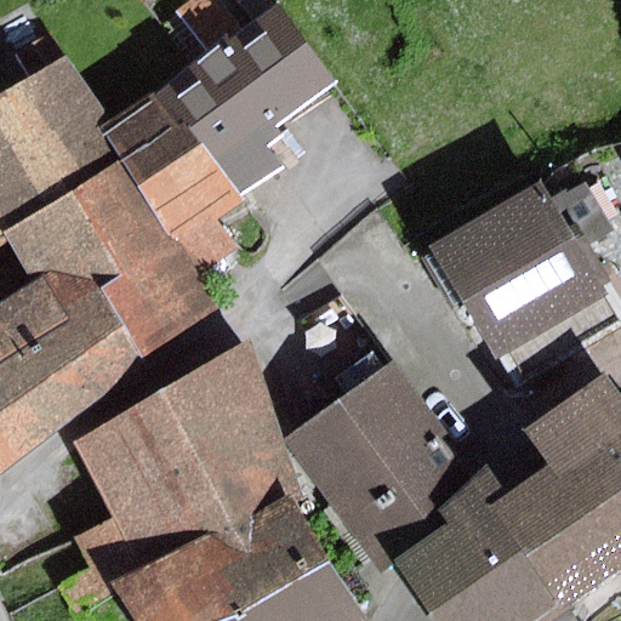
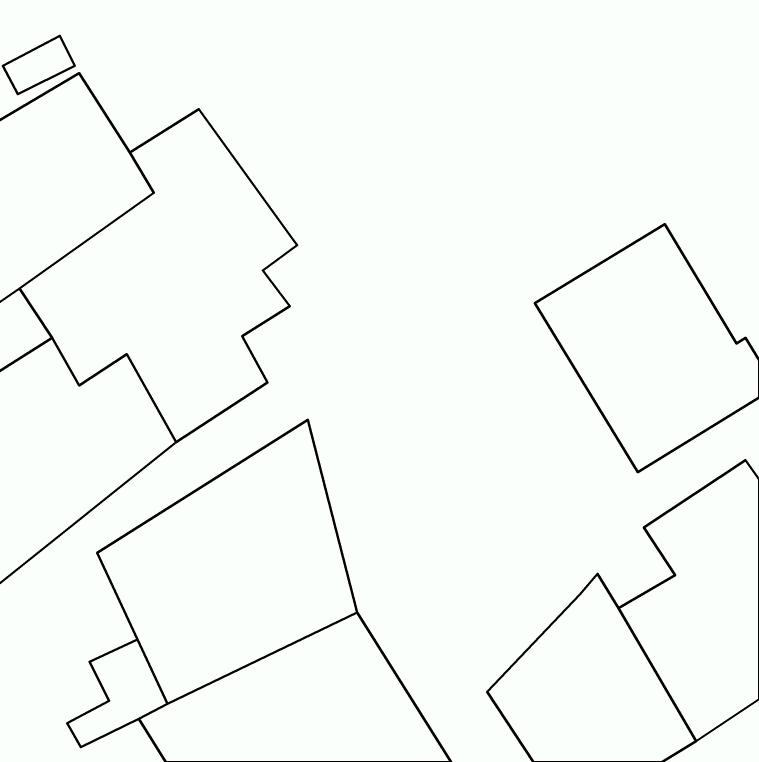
building: [161,6,331,193] -> none
building: [283,364,471,579] -> none

